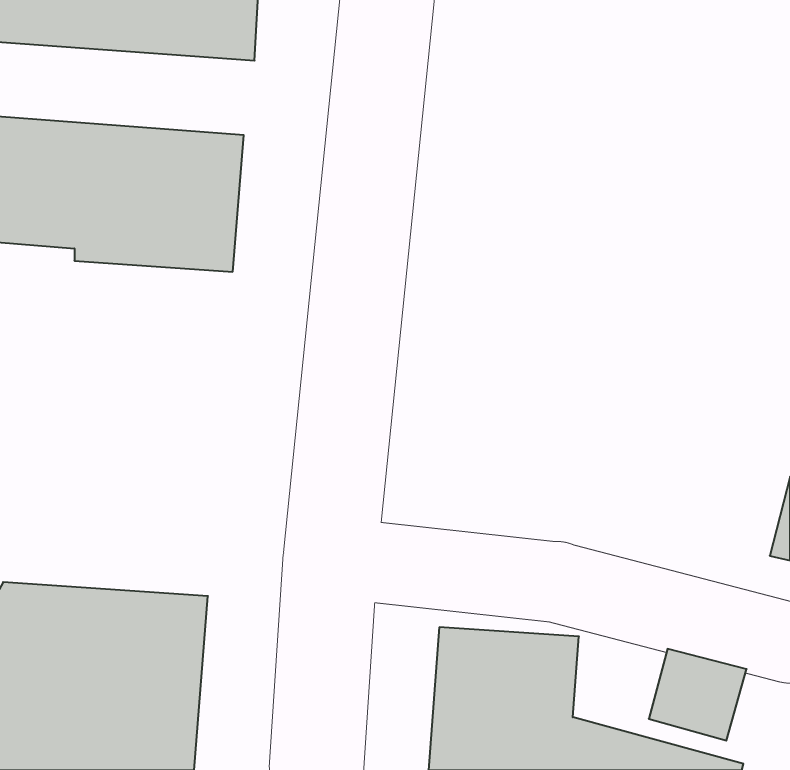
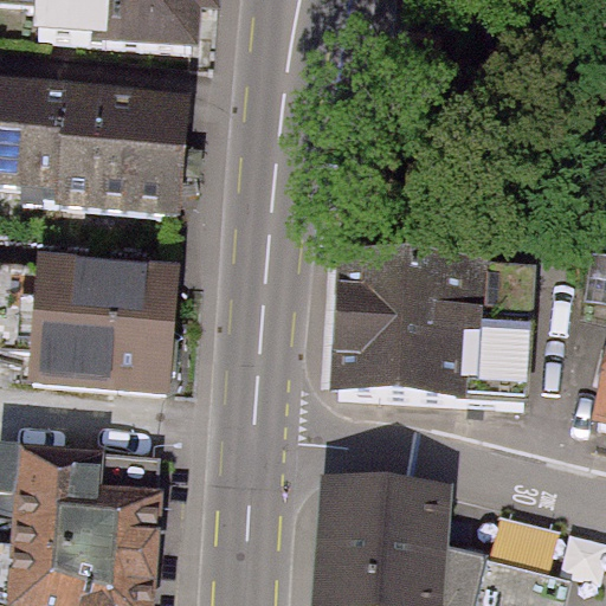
building: none -> [32,263,174,398]
building: none -> [340,269,533,397]

